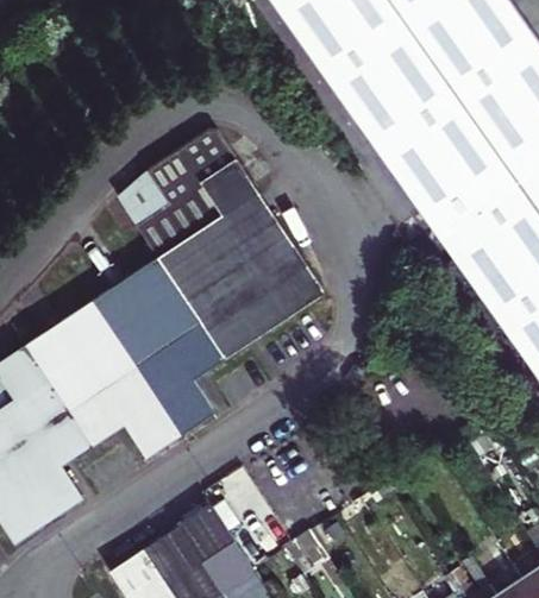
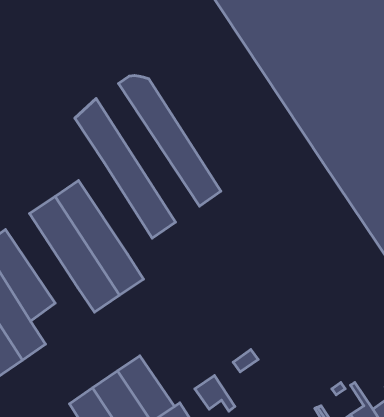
building: [152,146,290,332] -> none
building: [129,252,227,374] -> none
building: [31,320,127,440] -> none

